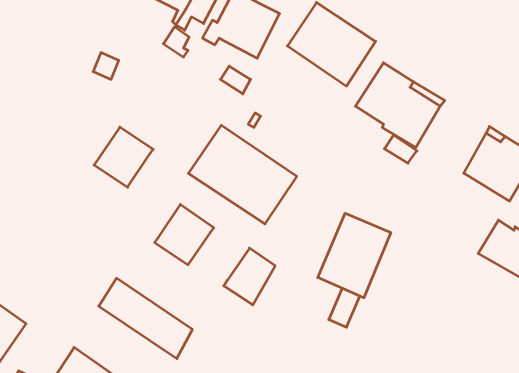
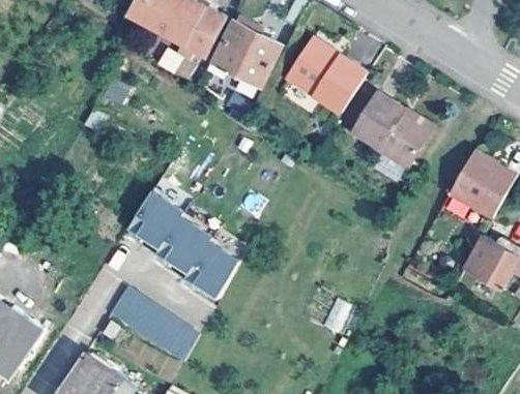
building: [188,125,297,224] -> none
building: [94,127,153,187] -> [134,196,189,252]
building: [318,213,391,298] -> none
building: [224,248,275,305] -> [190,247,237,300]

